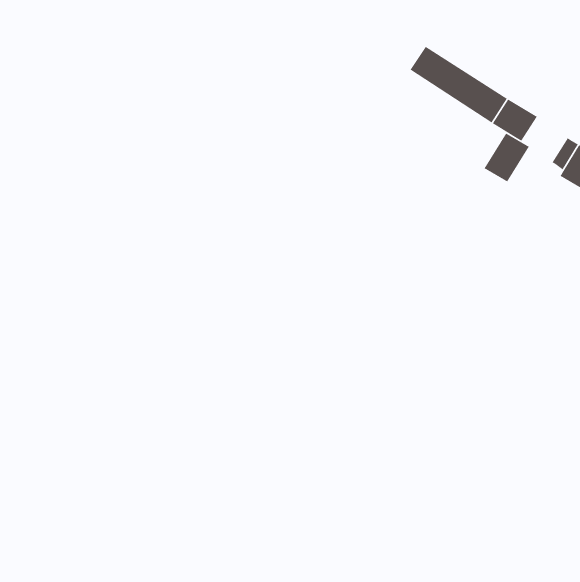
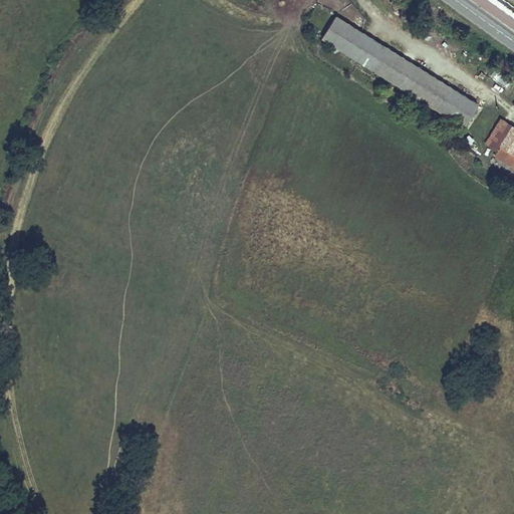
building: none -> [320,13,377,63]
building: [484,132,530,183] -> none

